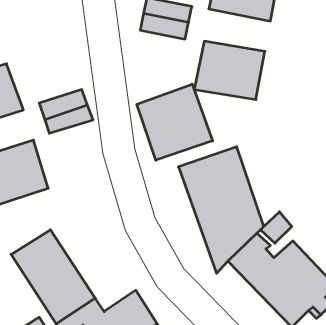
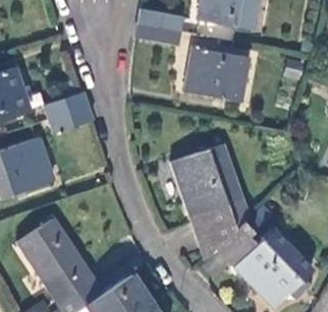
building: [137,84,213,160] -> none

